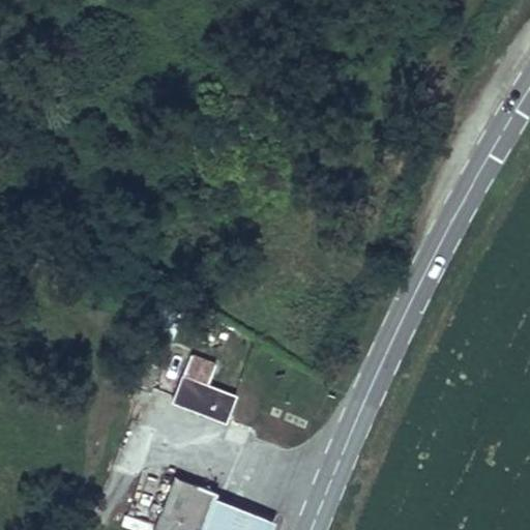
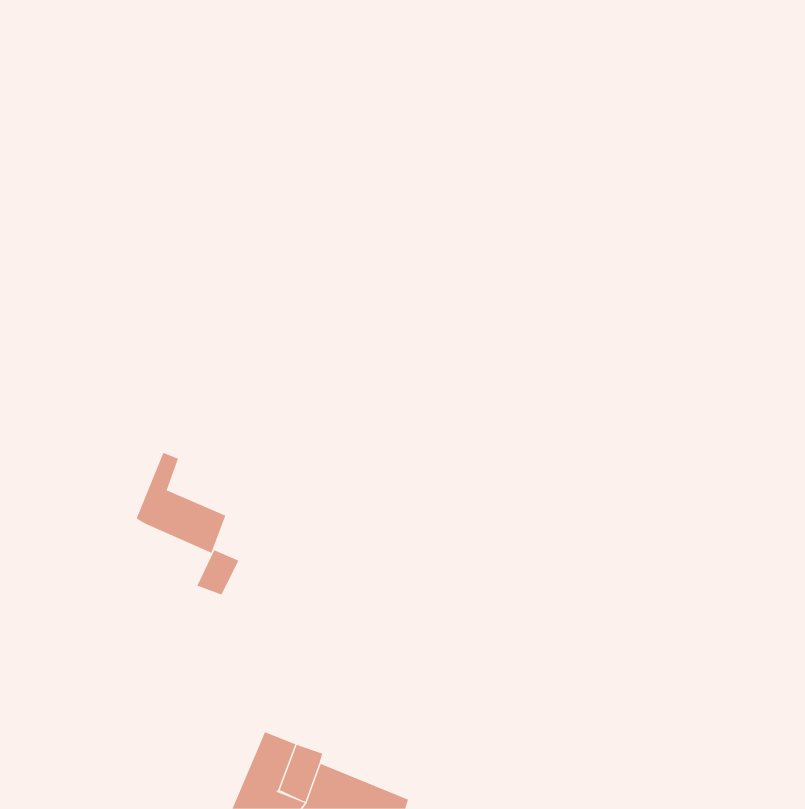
building: [176,356,235,422] -> [136,452,226,553]

